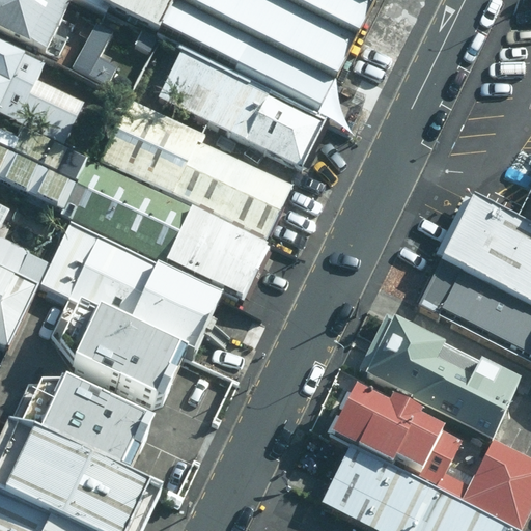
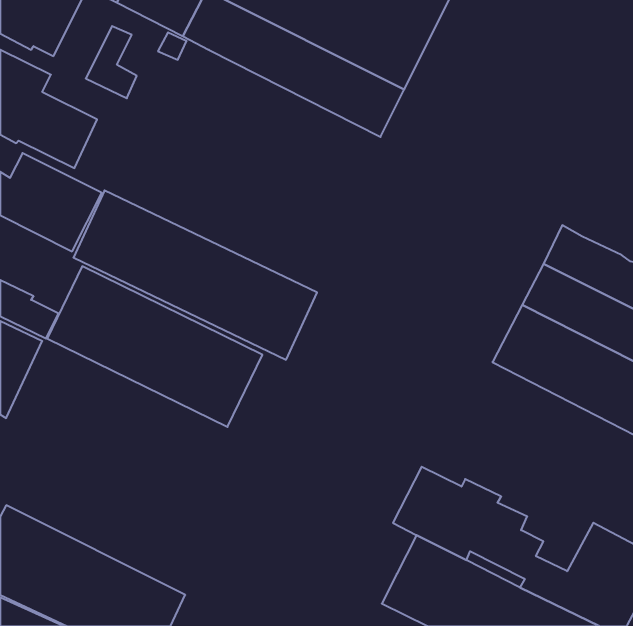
building: [151,41,327,167] -> none
building: [95,95,292,237] -> none
building: [50,299,181,407] -> none
building: [358,312,525,436] -> none
building: [10,384,149,478] -> none

